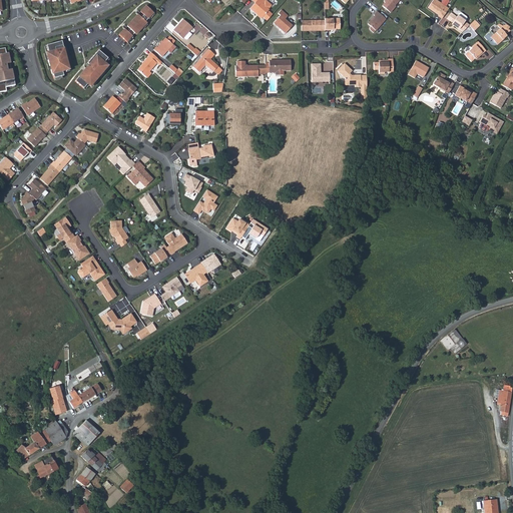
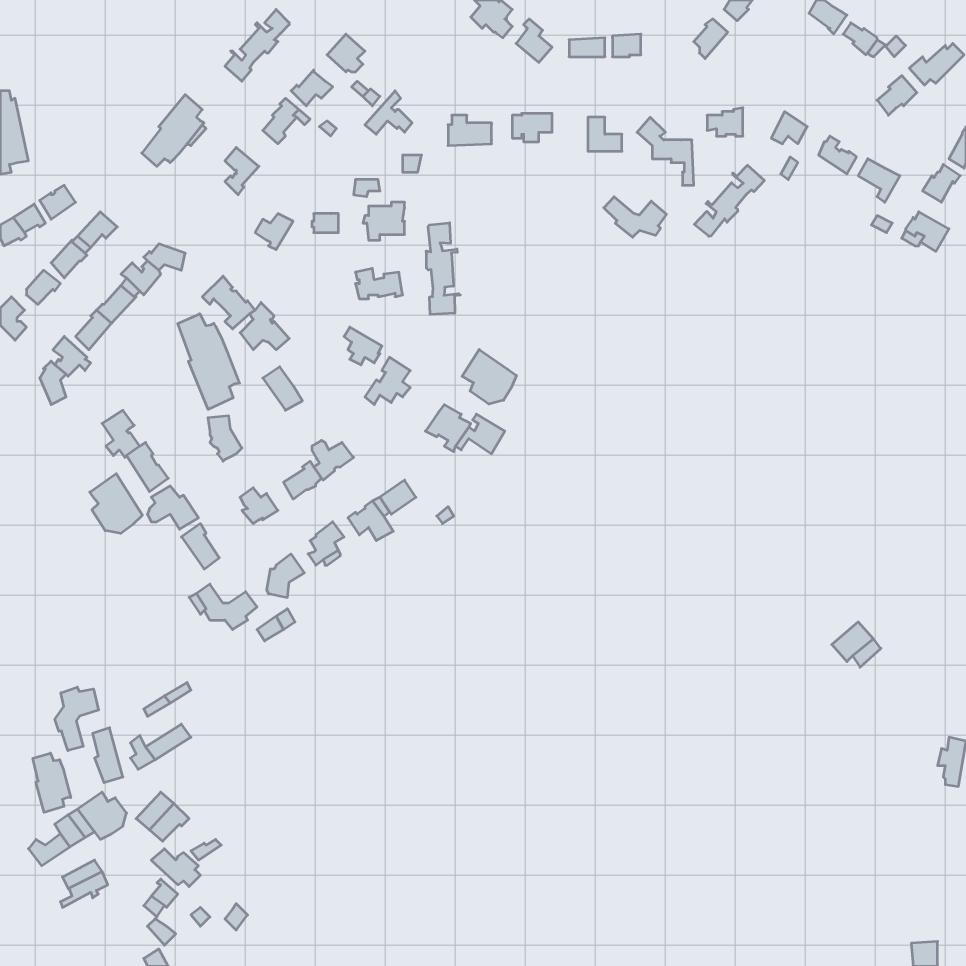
building: [46,41,69,78] -> none
building: none -> [694,165,764,236]
building: none -> [604,197,666,237]
building: none -> [426,223,460,314]
building: none -> [178,314,240,409]
building: none -> [462,349,516,404]
building: none -> [90,474,142,533]
building: none -> [55,687,99,751]
building: none -> [33,753,71,812]

